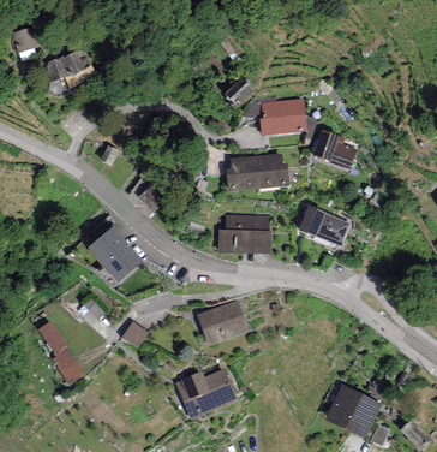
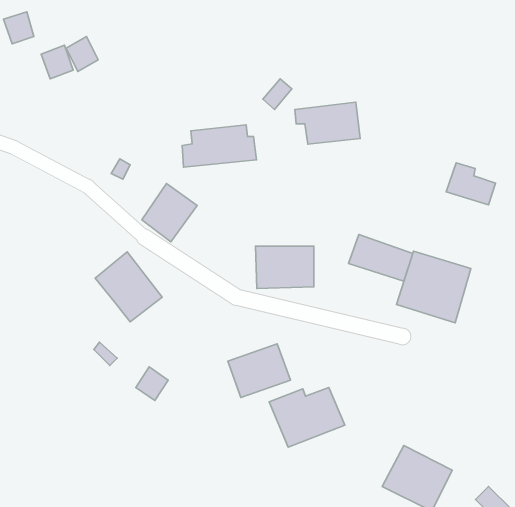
building: [313,133,354,168] -> [446,163,496,205]
building: [226,156,287,191] -> [182,125,256,167]
building: none -> [397,251,471,323]
building: [40,321,84,383] -> none
building: [175,368,238,417] -> [269,387,345,447]

